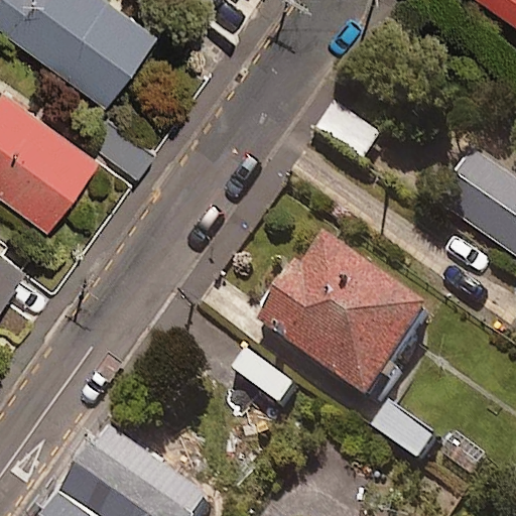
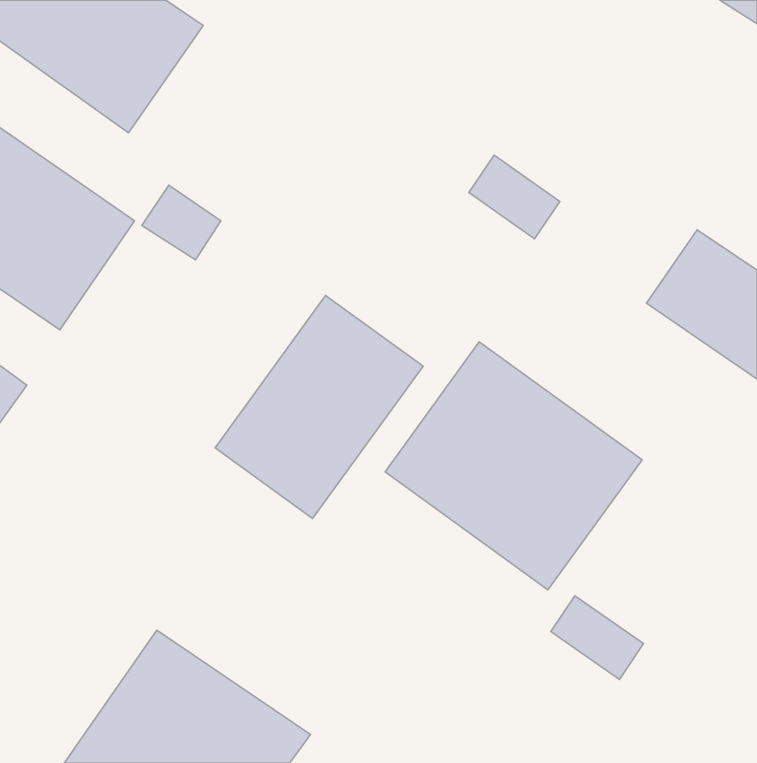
building: none -> [215,296,423,519]

